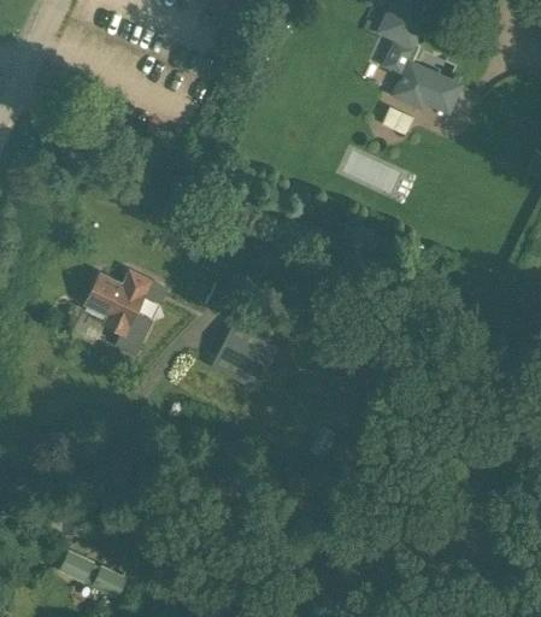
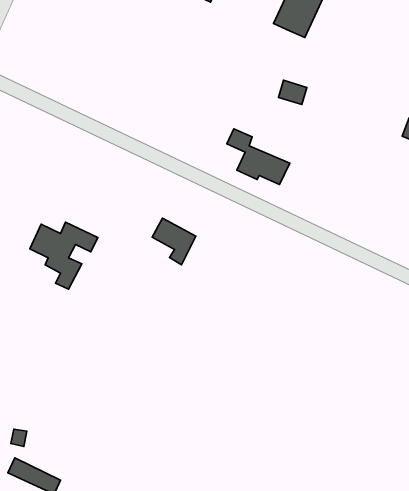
building: [383,42,458,108] -> [227,129,290,184]
building: [219,330,271,386] -> [152,218,196,265]

